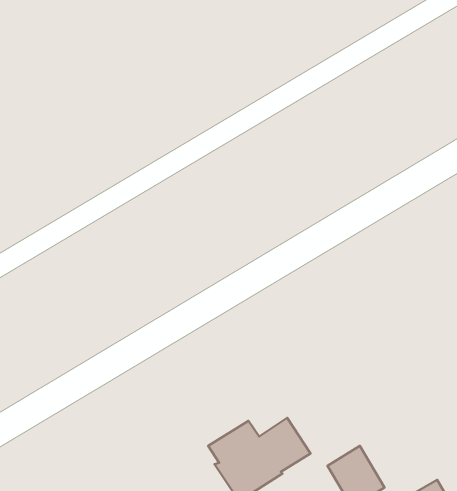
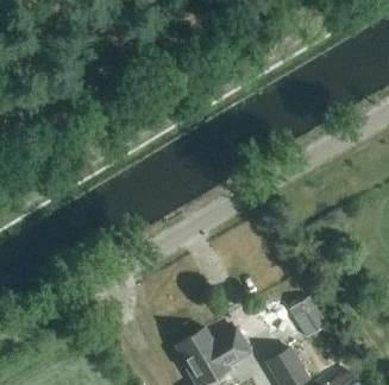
building: none -> [290,297,328,337]

